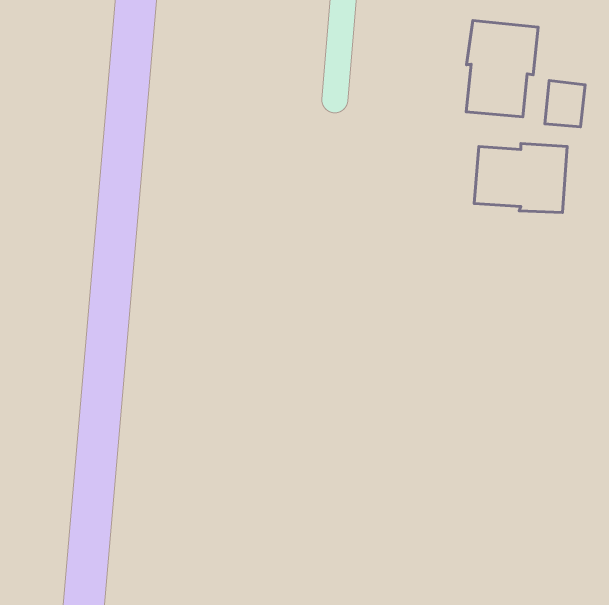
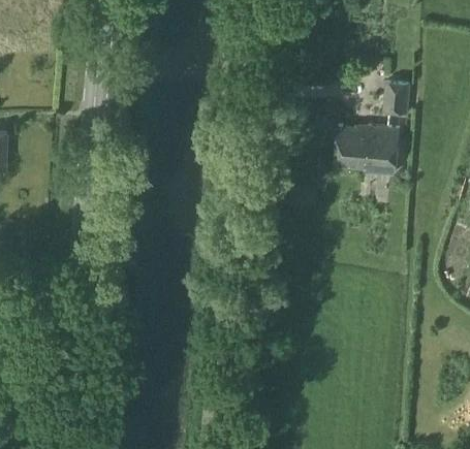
building: [466,20,538,117] -> none

